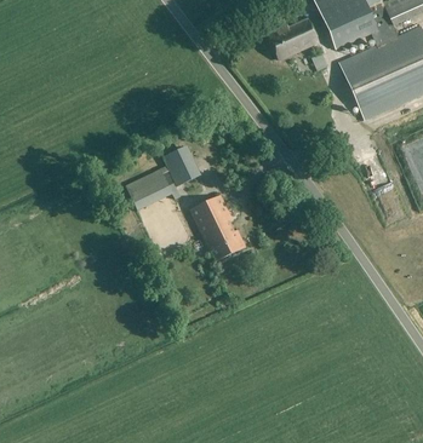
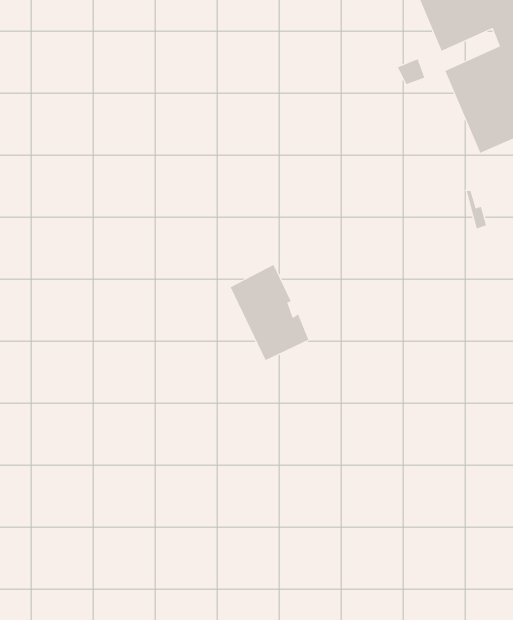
building: [269,18,319,58] -> none
building: [125,148,195,208] -> none

